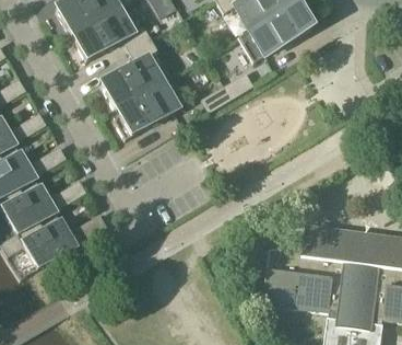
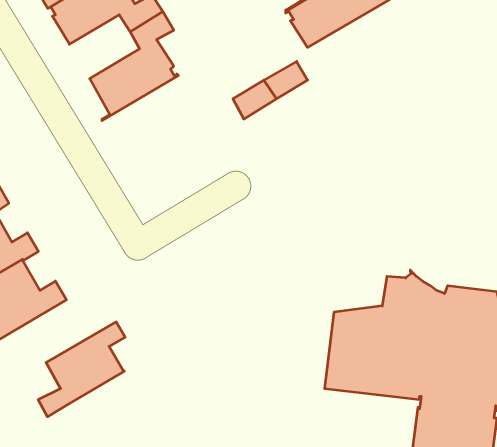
building: [109,80,178,137] -> none
building: none -> [38,322,125,417]

